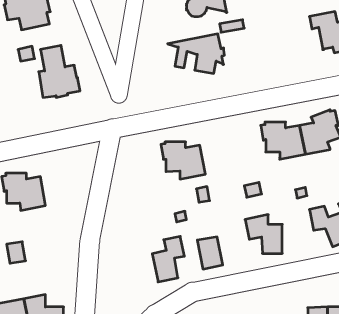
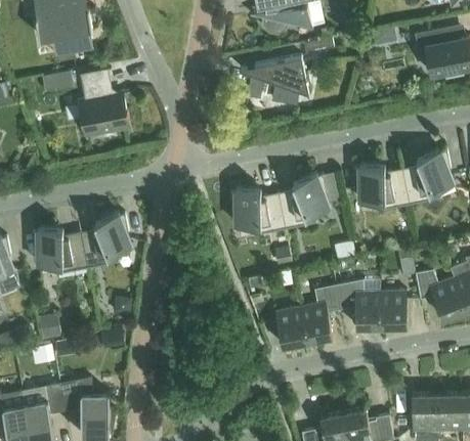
building: none -> [277,175,328,230]
building: none -> [80,214,130,269]
building: none -> [380,292,405,328]
building: [152,236,184,282] -> [299,286,339,343]

